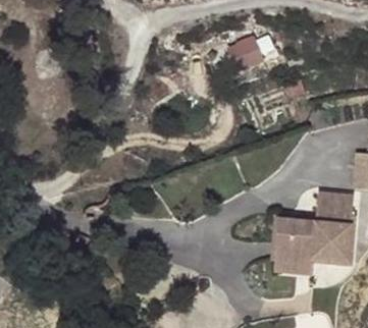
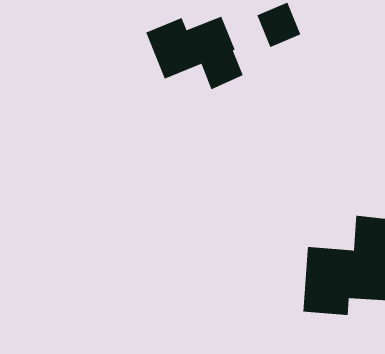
building: none -> [145,16,243,90]

